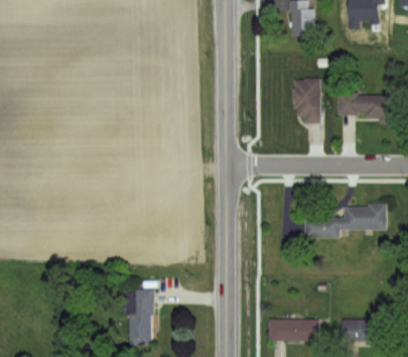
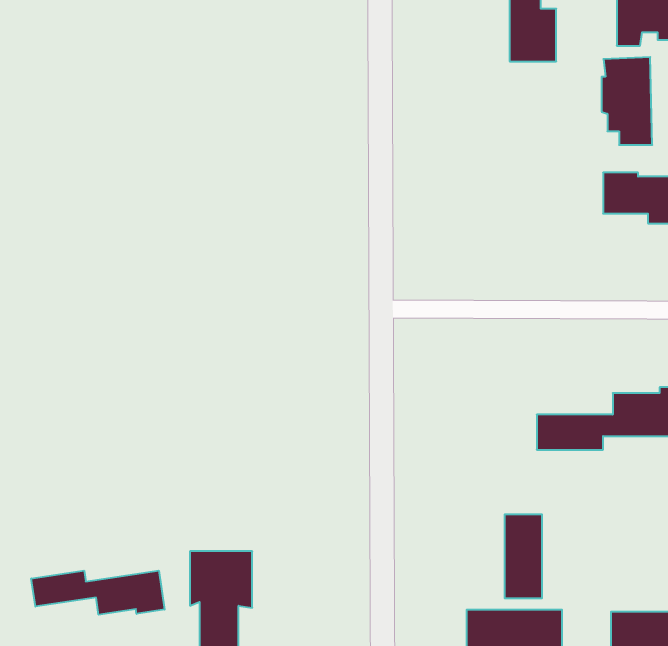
building: [294,79,320,124] -> [602,57,652,145]
building: none -> [505,514,542,598]
building: none -> [31,571,165,615]

